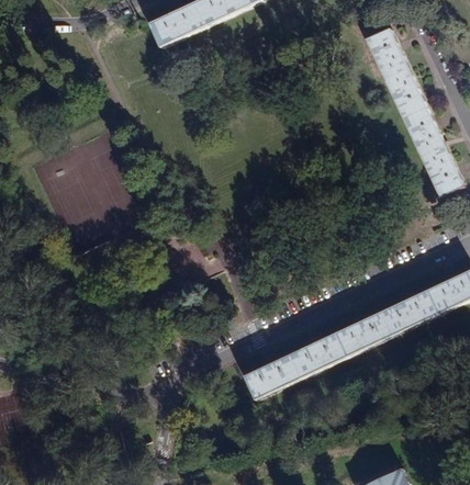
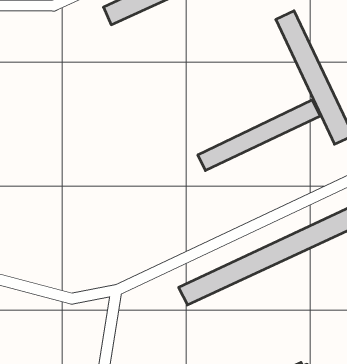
building: none -> [198,100,320,171]

